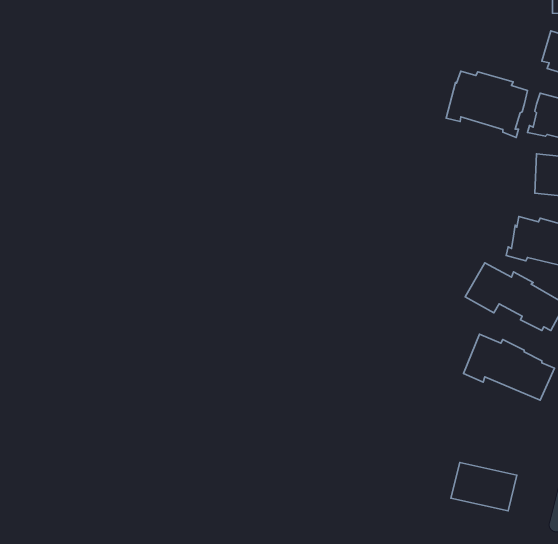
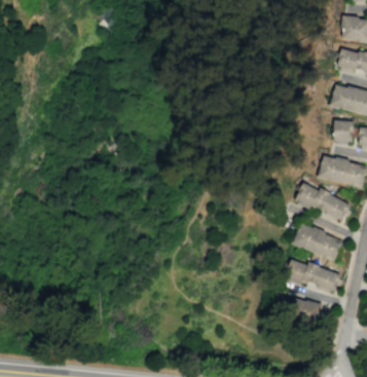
building: [446,71,528,137] -> none
building: none -> [285,258,341,294]

